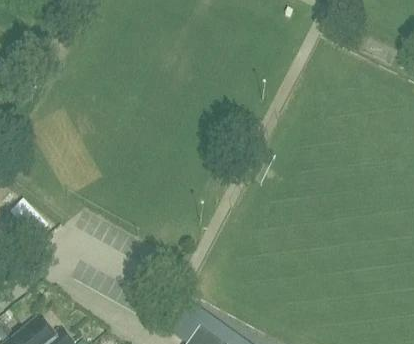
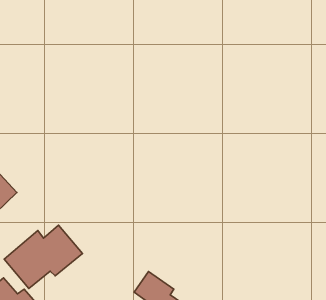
building: none -> [4,225,83,289]

